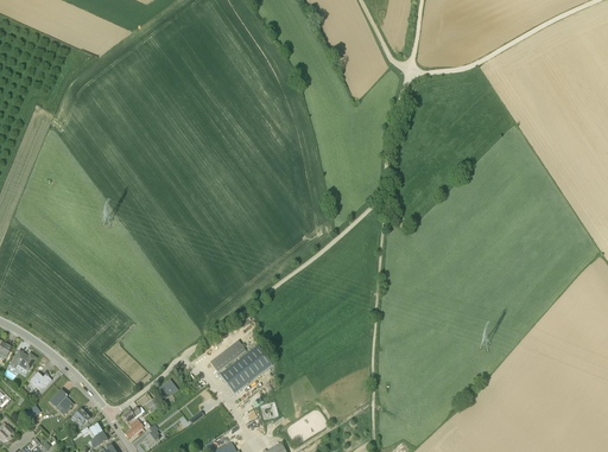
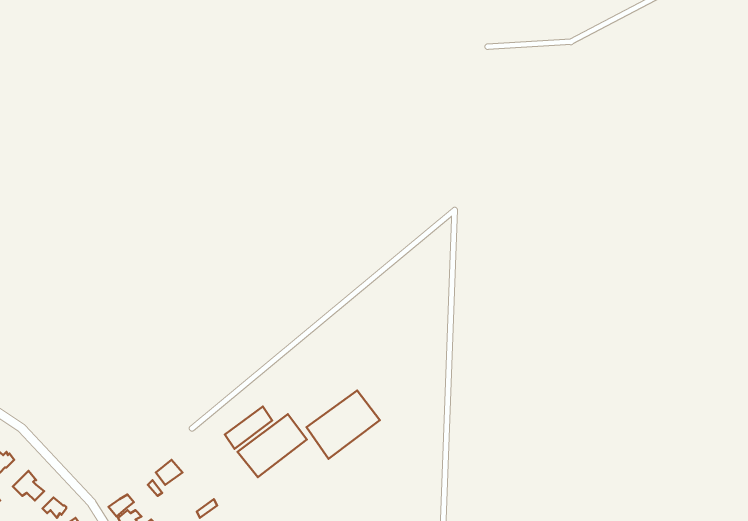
building: none -> [306,390,380,459]

